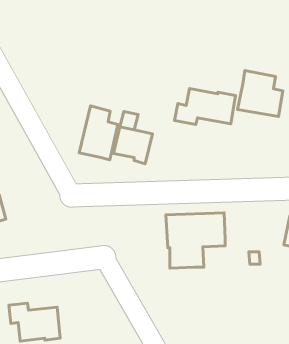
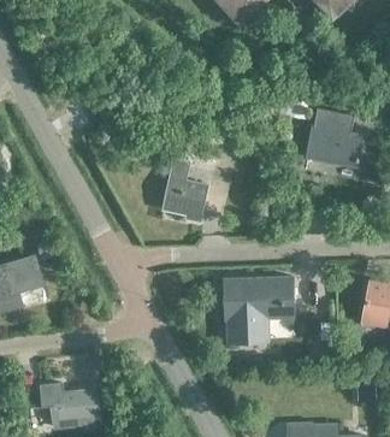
building: [175,88,236,125] -> none
building: [79,106,118,160] -> none

